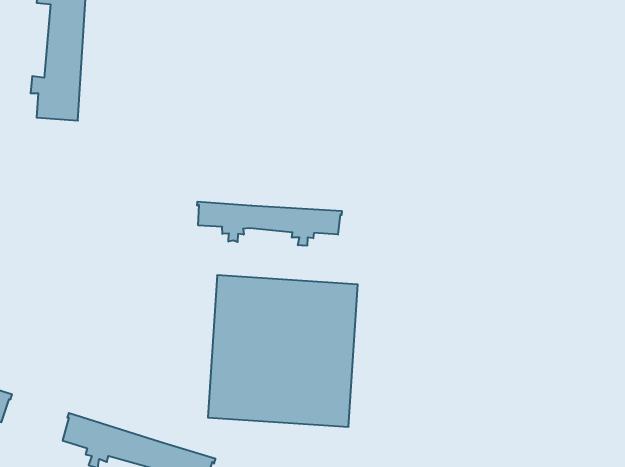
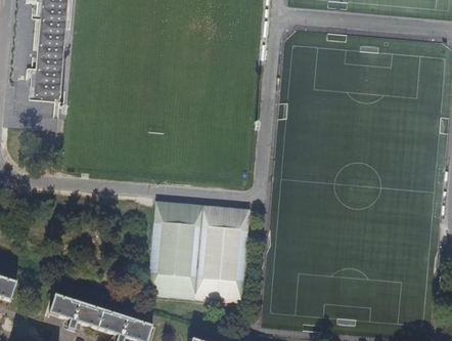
building: [197,202,342,246] -> none

